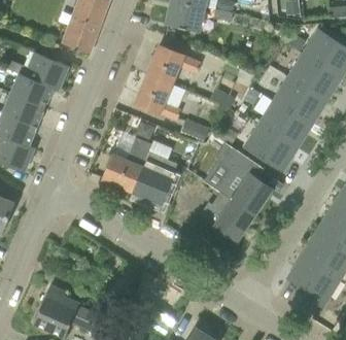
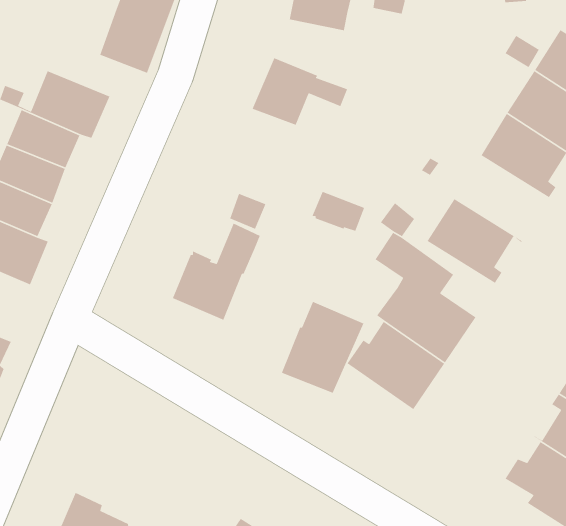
building: [135,74,181,120] -> none
building: [260,100,312,147] -> none
building: [132,151,178,203] -> [281,301,365,394]

